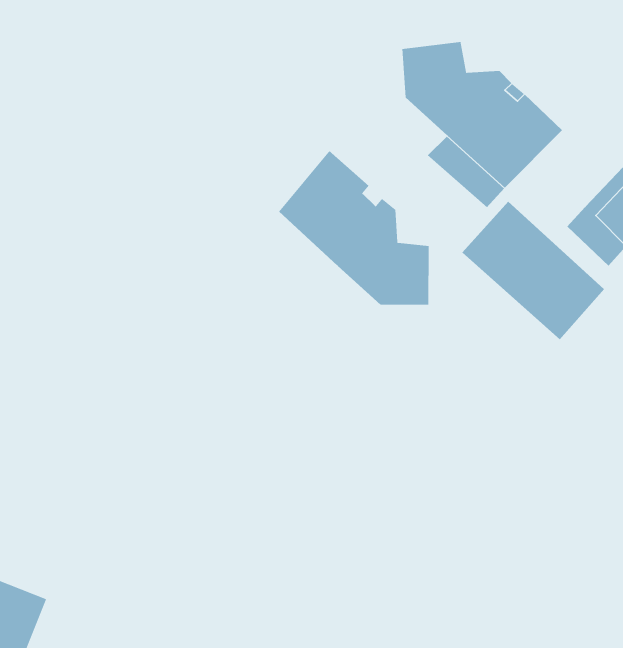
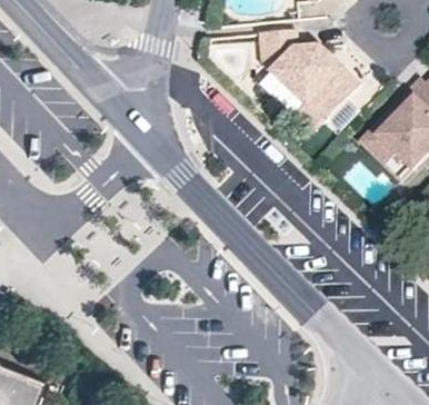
building: [278,150,429,306] -> none
building: [461,201,605,340] -> none

